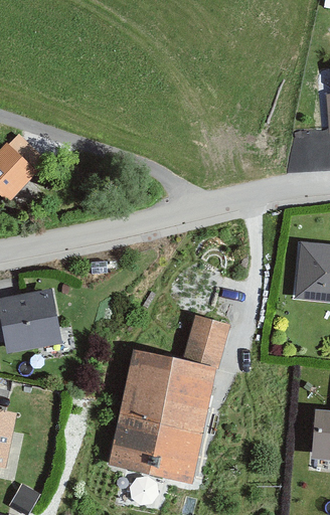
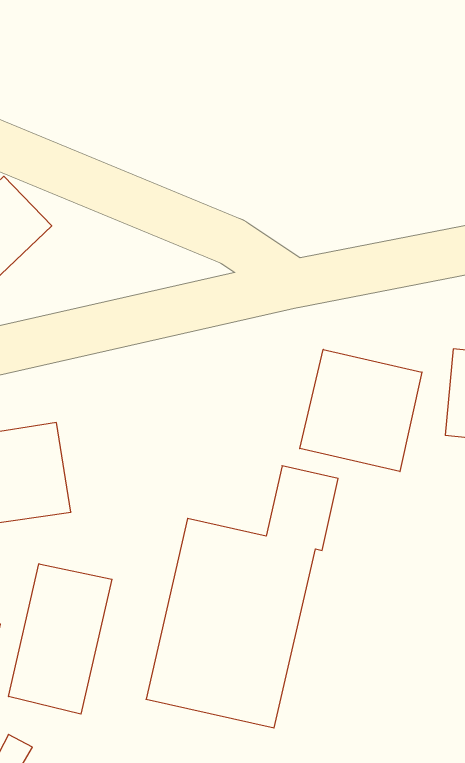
building: none -> [300,349,422,472]
building: none -> [9,564,112,714]

